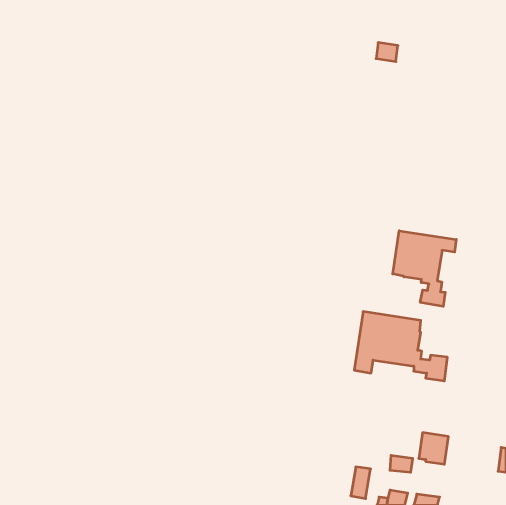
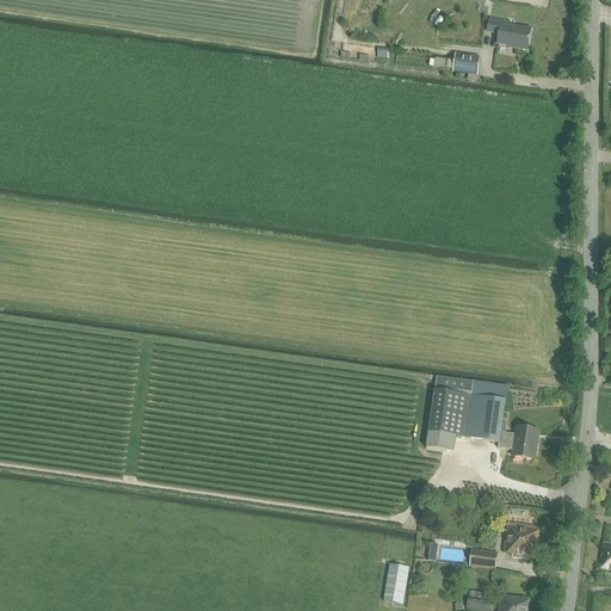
building: none -> [486,16,530,48]
building: [393,231,456,306] -> none
building: [351,467,371,499] -> [383,564,407,603]

